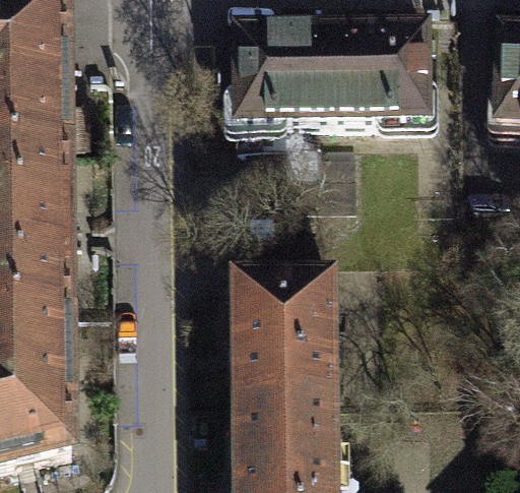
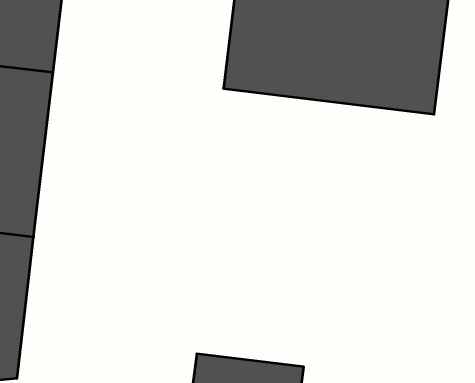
building: [236,281,342,402] -> none

